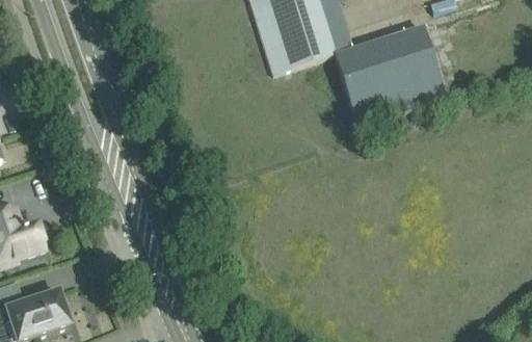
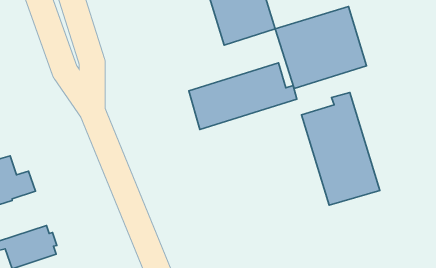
building: none -> [189,63,297,129]
building: none -> [302,93,380,205]

